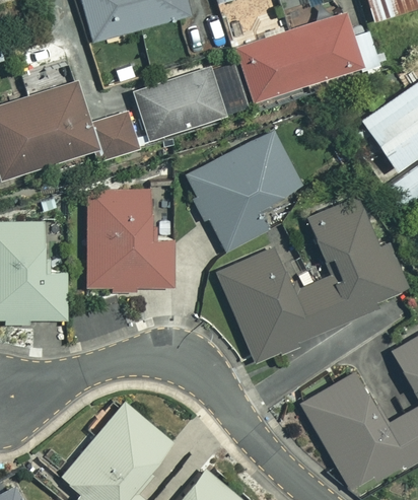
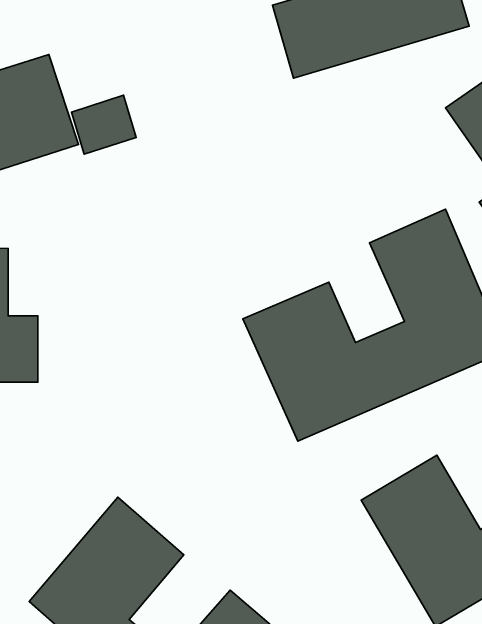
building: [133,66,225,140] -> none
building: [186,130,302,252] -> none
building: [87,191,175,289] -> none

